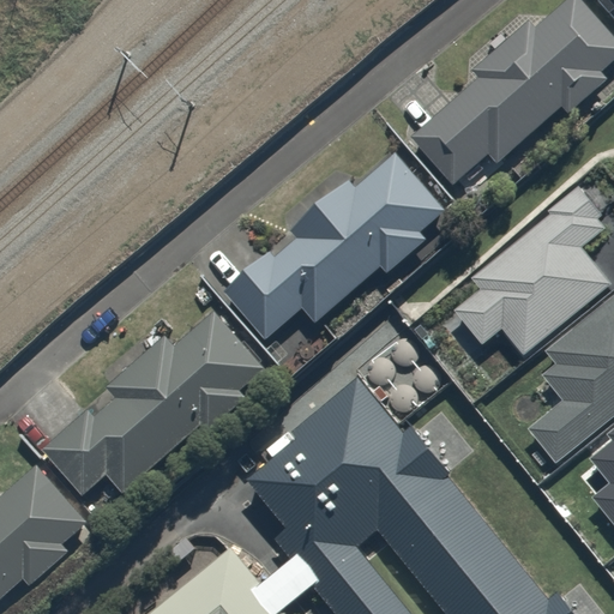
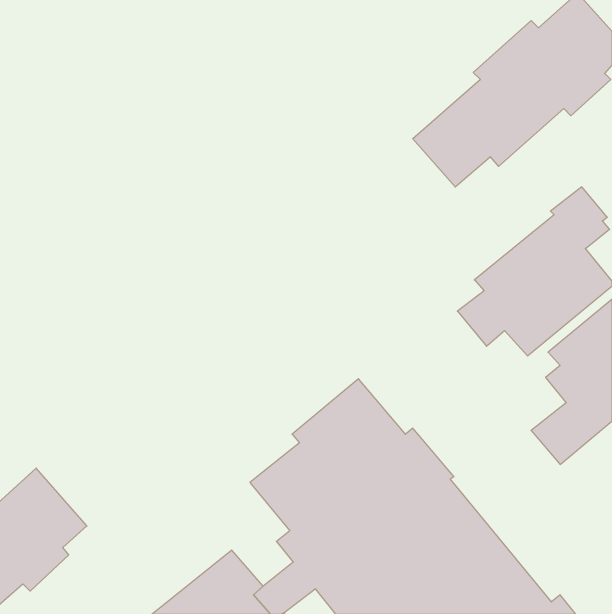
building: [223,154,444,341] -> none
building: [42,312,264,496] -> none

